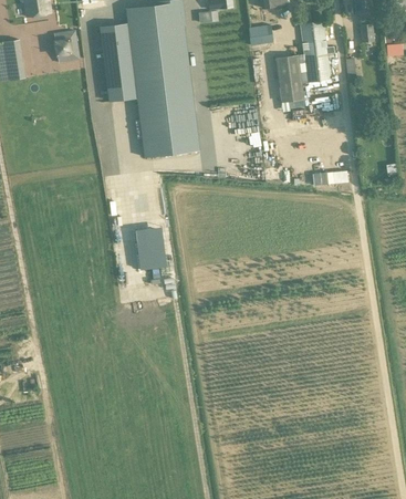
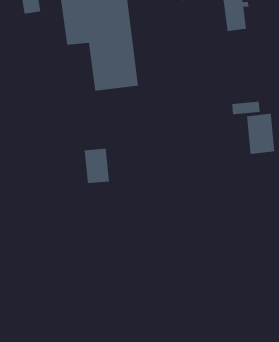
building: [274,54,304,103] -> none
building: none -> [246,113,275,155]

